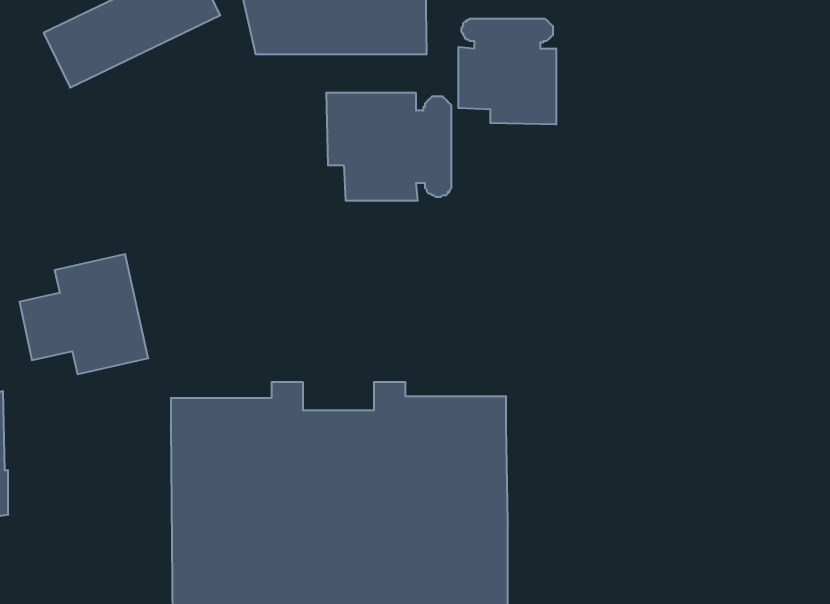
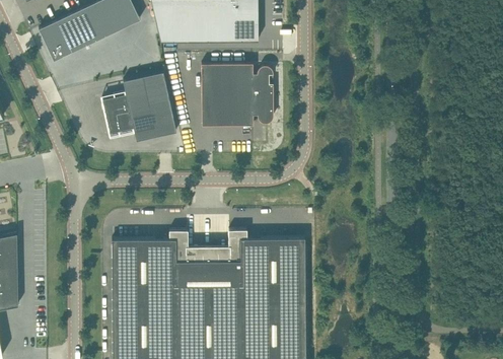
building: [458,19,556,125] -> none
building: [19,254,148,374] -> [102,72,176,141]

